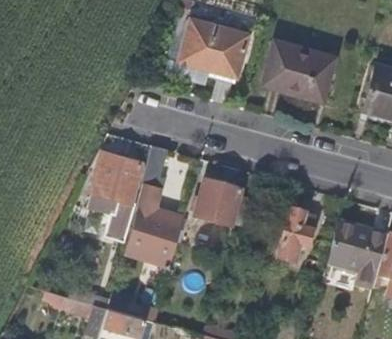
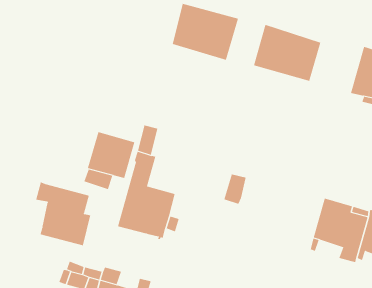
building: [194,180,241,227] -> none
building: none -> [36,182,91,246]
building: [277,210,316,262] -> none

